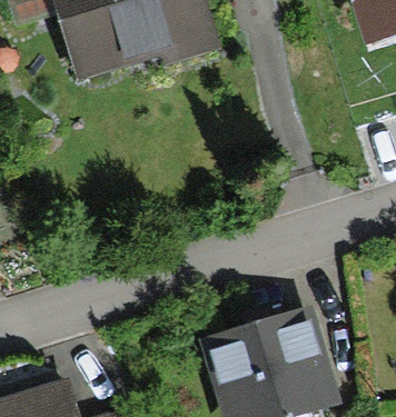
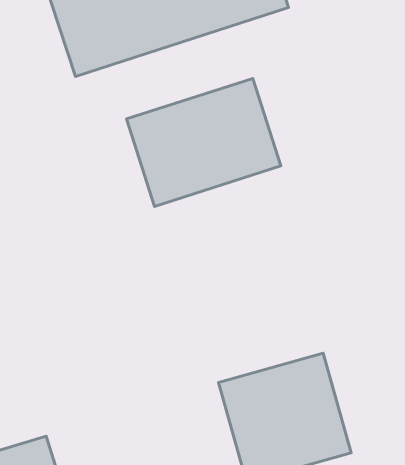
building: none -> [127,78,281,206]

